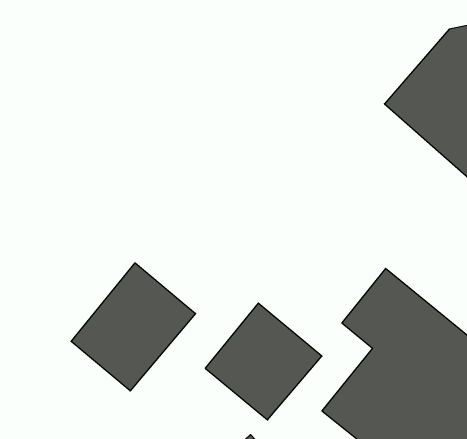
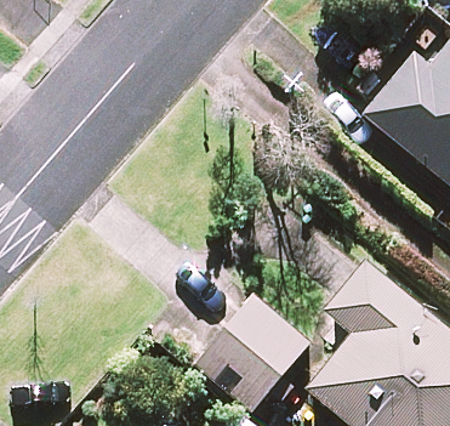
building: [71,263,196,391] -> none

